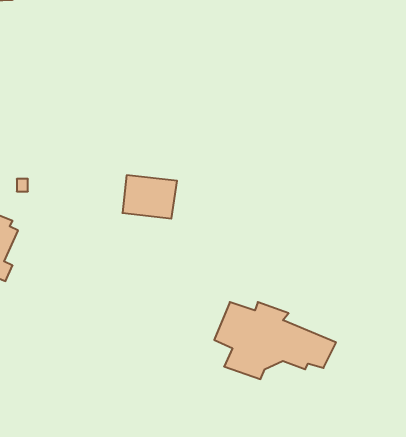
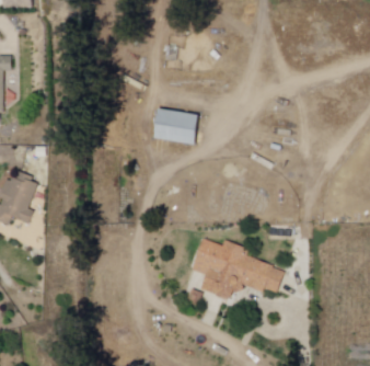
building: [122,175,177,219] -> [154,106,197,140]

